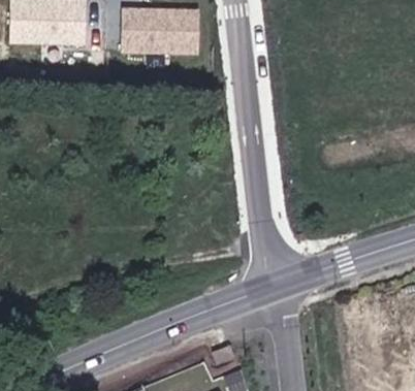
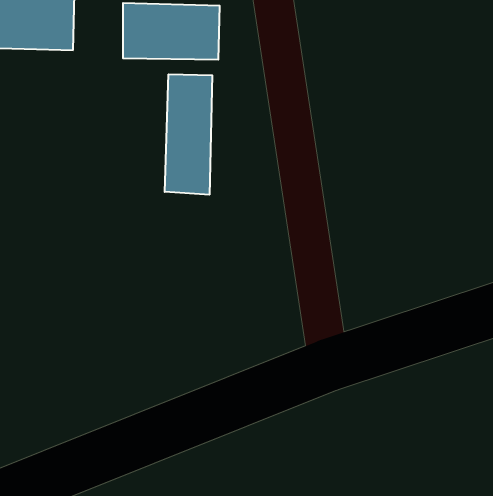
building: none -> [165,74,212,195]

